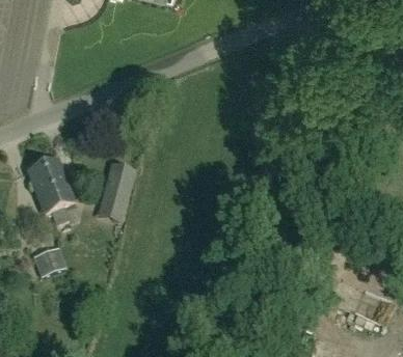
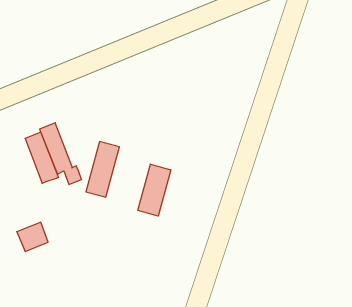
building: [26,165,68,226] -> [40,123,82,185]
building: none -> [138,164,171,216]

